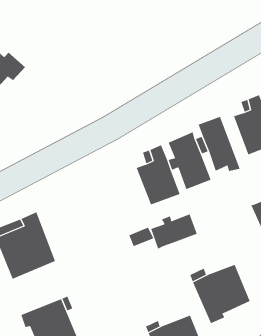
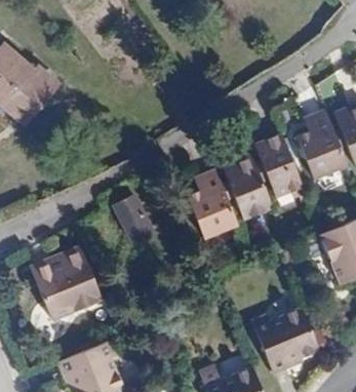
building: none -> [118,201,159,249]
building: [151,214,197,250] -> none

